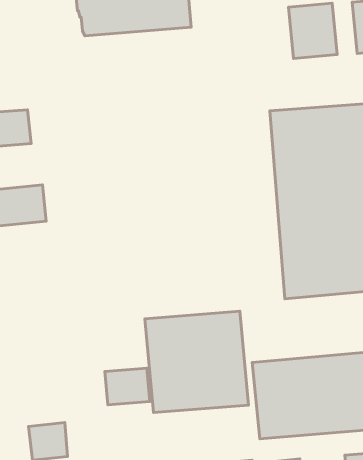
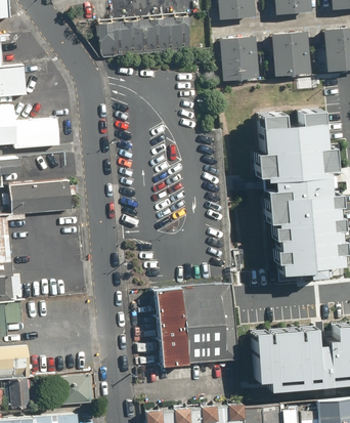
building: none -> [218,36,258,81]
building: [105,368,150,405] -> none

